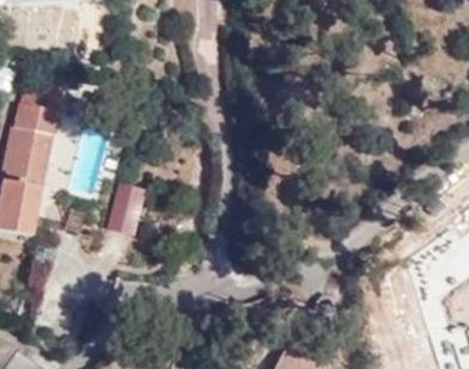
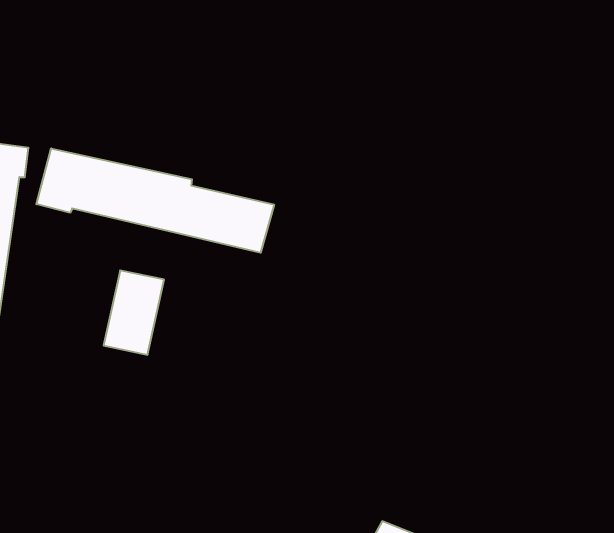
building: none -> [36,148,274,253]

